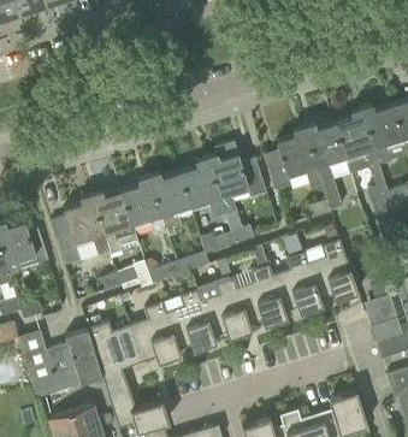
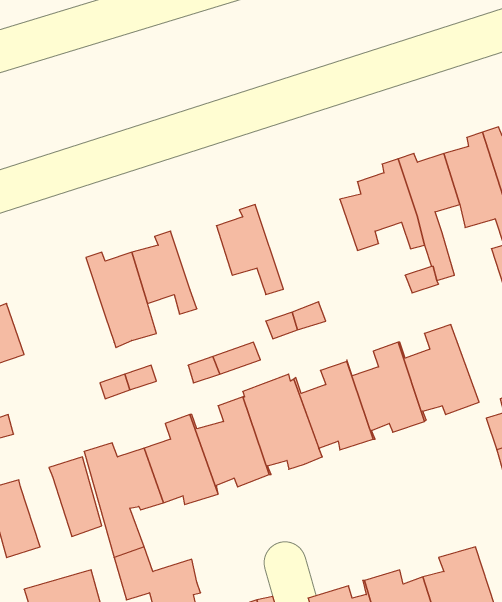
building: [206,141,266,215] -> none
building: [148,172,190,236] -> none
building: [51,194,110,265] -> none
building: [46,343,81,391] -> none

